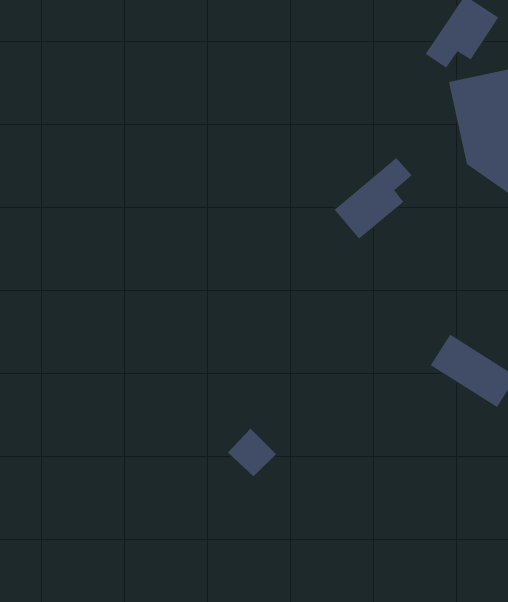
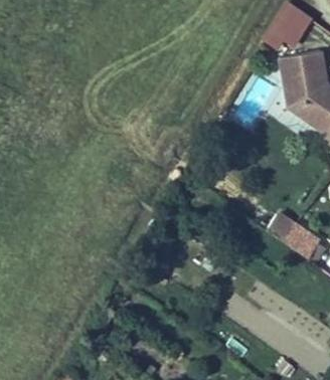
building: [334,157,412,240] -> none

